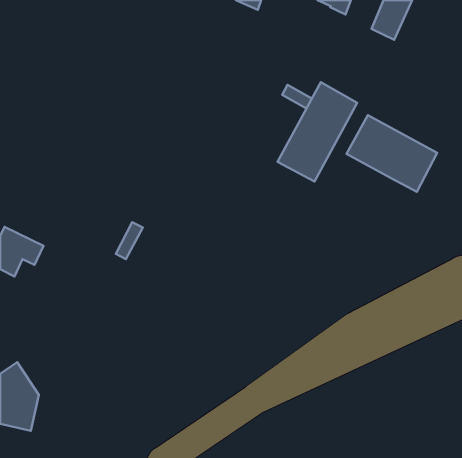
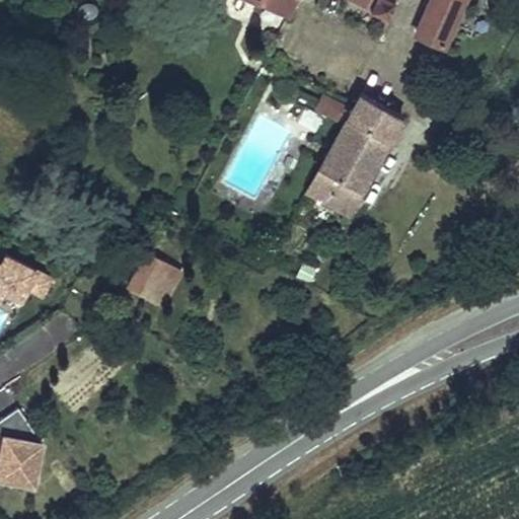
building: [347,115,437,192] -> none
building: none -> [141,260,181,307]

